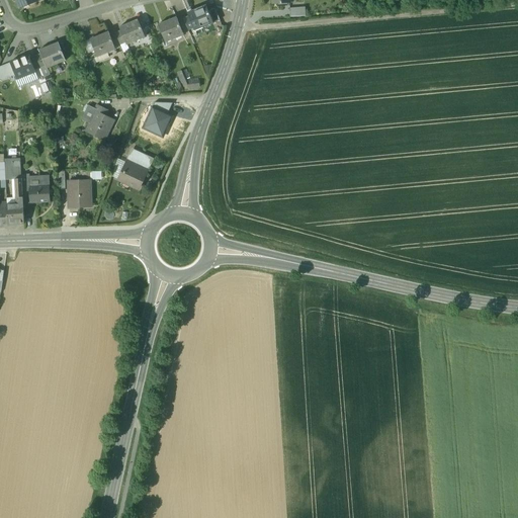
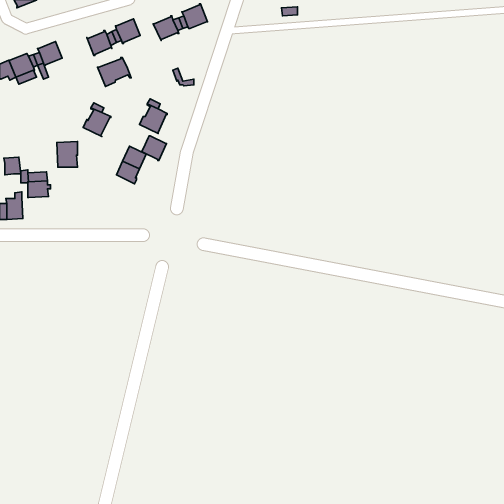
building: none -> [98,58,131,86]
building: none -> [141,136,167,161]
building: [68,180,89,206] -> [57,141,78,167]

